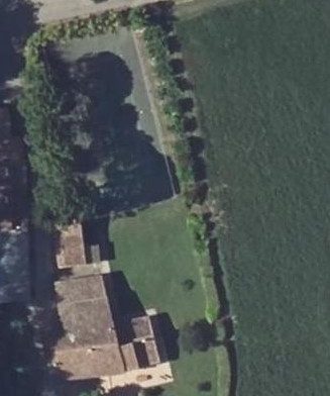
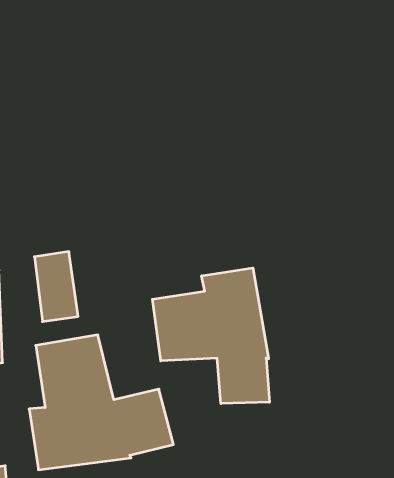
building: none -> [152,268,269,404]

